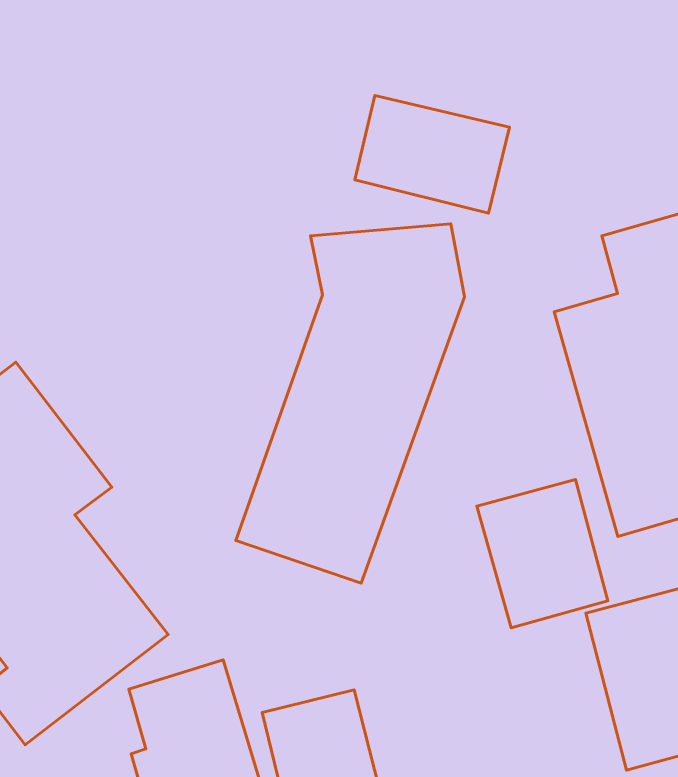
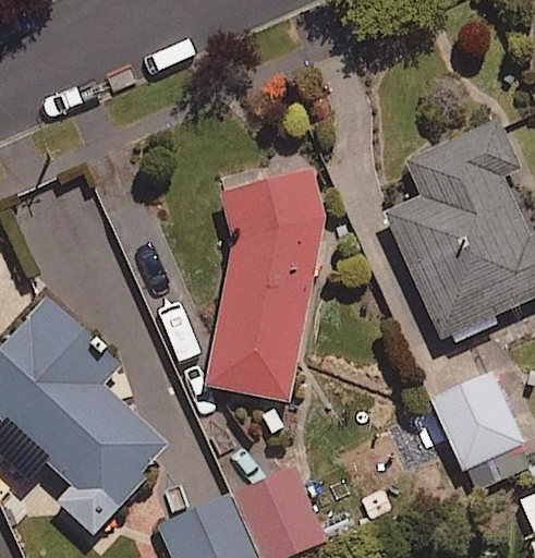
building: [355,96,510,213] -> none
building: [477,479,608,628] -> none

